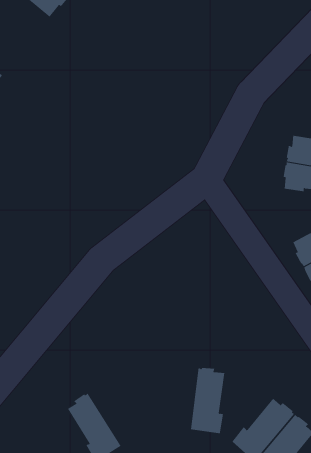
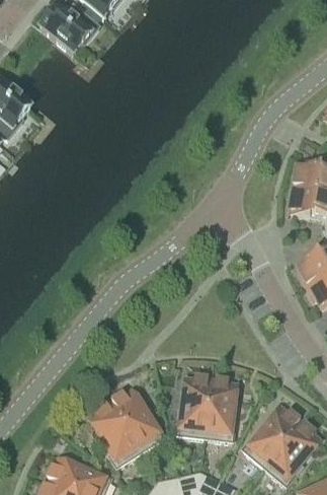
building: none -> [175,375,211,435]
building: none -> [108,390,164,450]

